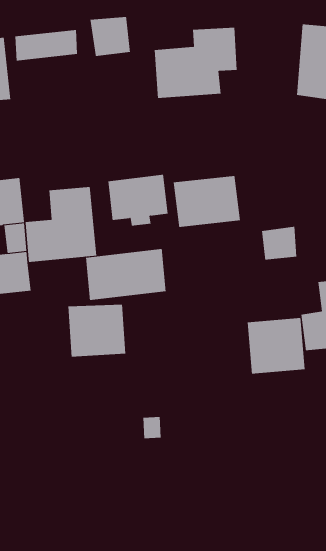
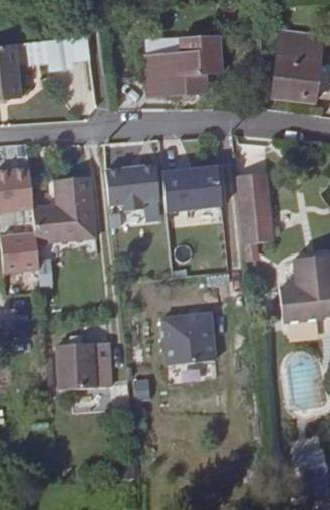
building: [90,16,131,57] -> none
building: none -> [238,170,272,215]
building: [86,248,166,301] -> none
building: [67,304,126,357] -> [58,342,110,389]
building: [247,318,306,374] -> [164,314,217,364]

